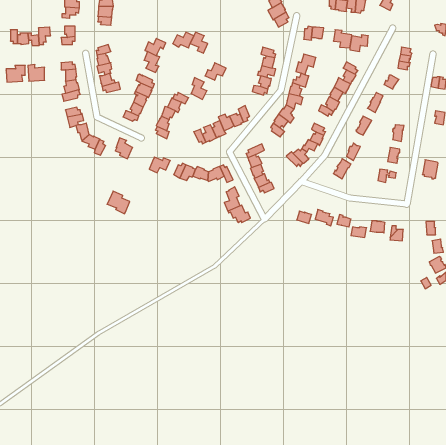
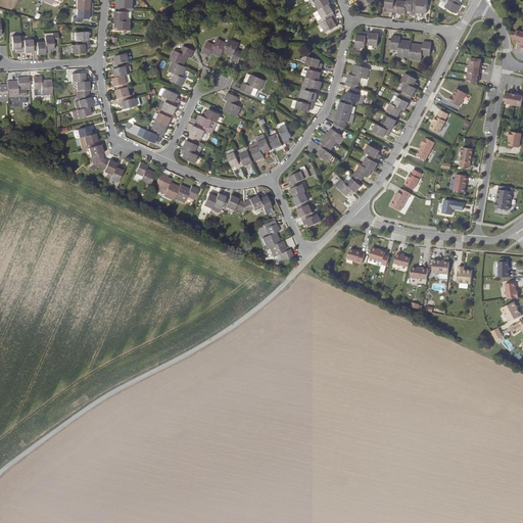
building: [107,191,130,214] -> [153,174,180,200]

